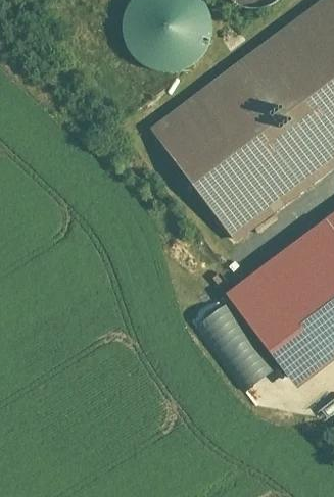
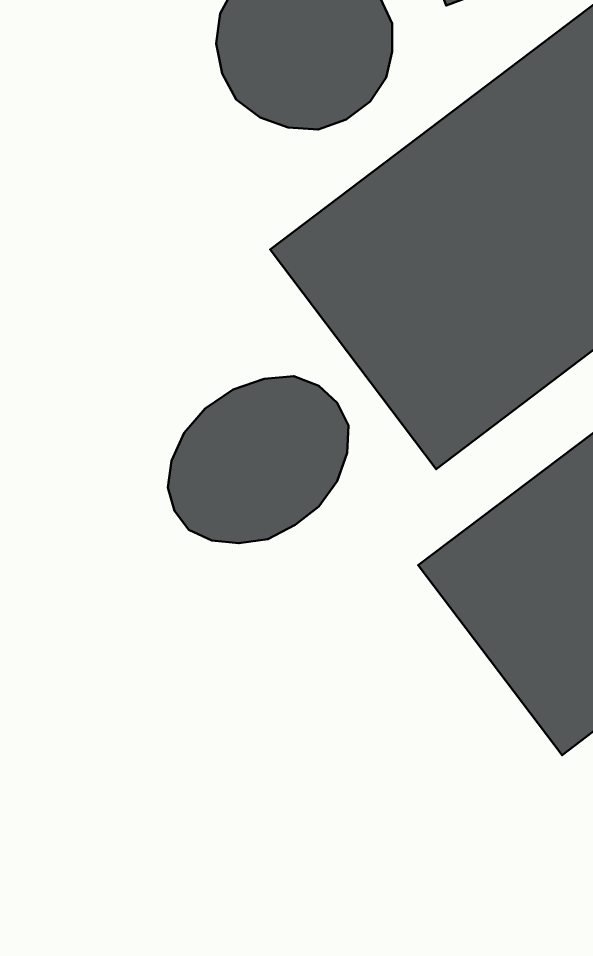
building: none -> [168,376,348,543]

